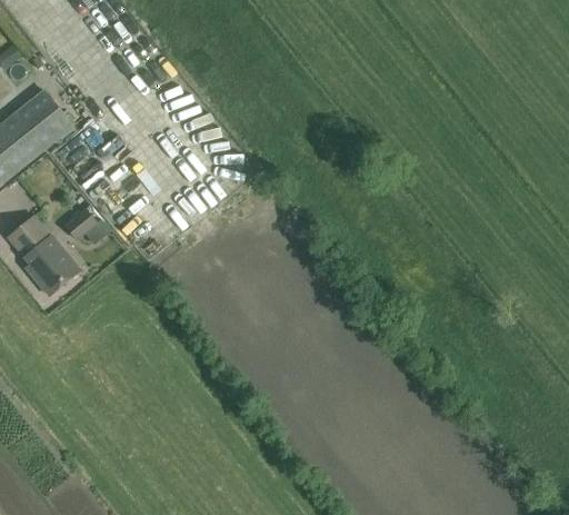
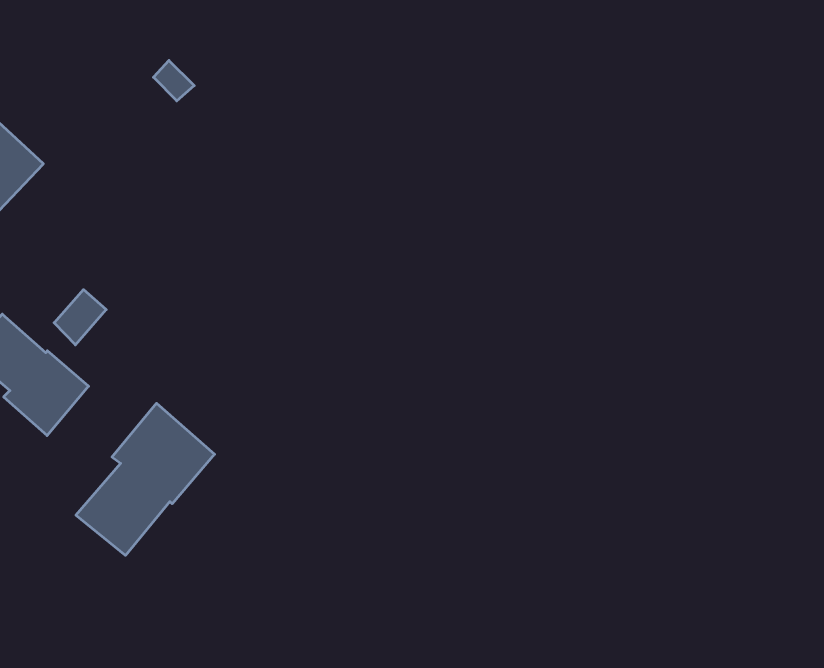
building: none -> [76,403,215,555]

